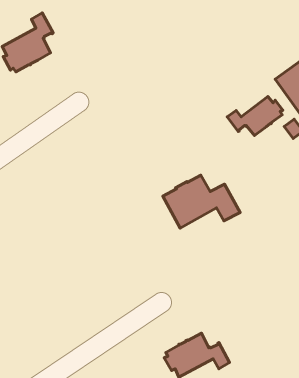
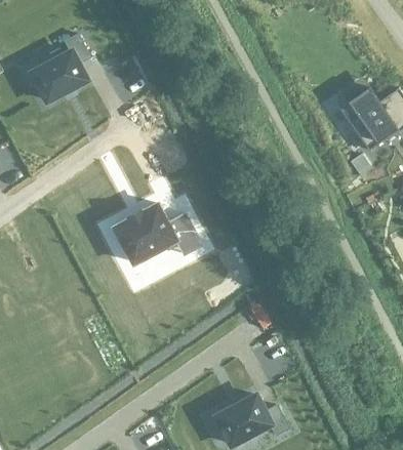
building: [227,96,283,135] -> none
building: [163,175,240,228] -> [115,203,202,262]

